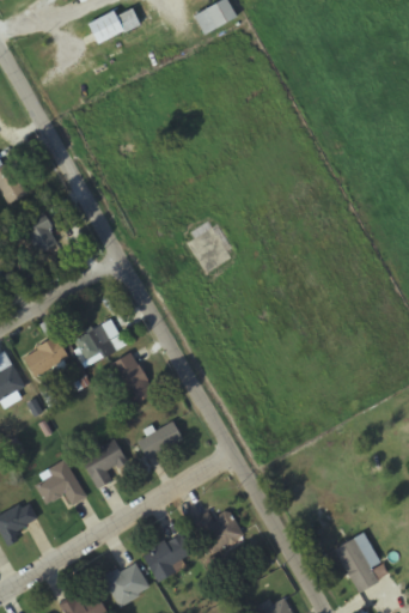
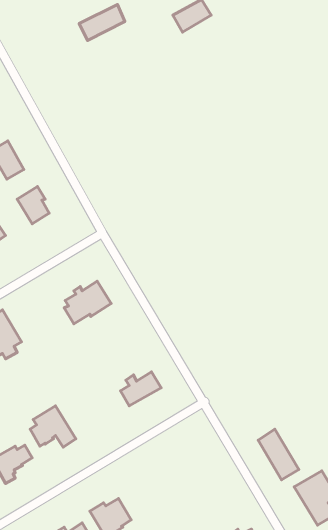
building: [23,335,68,377] -> none
building: [109,352,153,405] -> none
building: [78,437,127,488] -> none
building: none -> [258,429,299,480]
building: [189,506,243,554] -> none
building: [142,533,193,582] -> none

